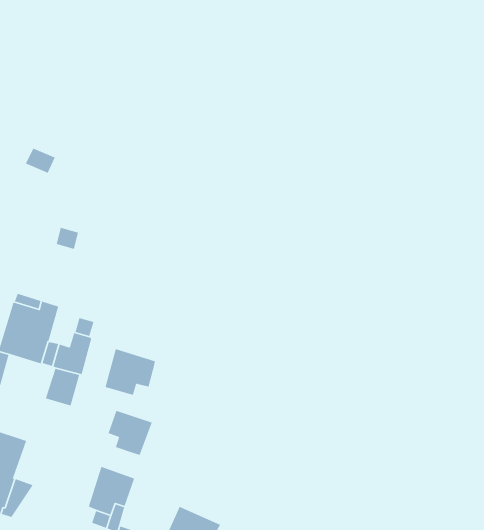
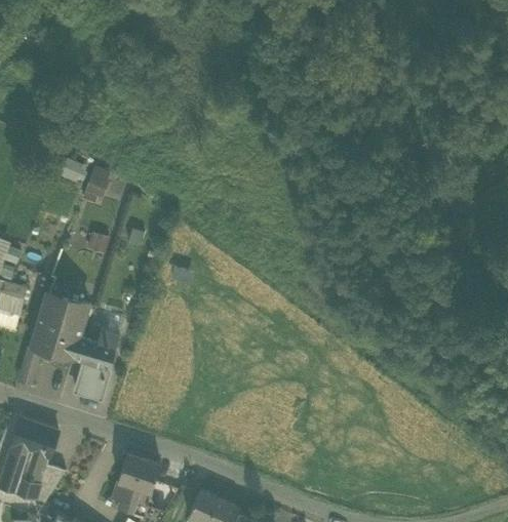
building: none -> [81,166,106,204]
building: [105,348,156,396] -> none
building: [108,410,153,456] -> none

